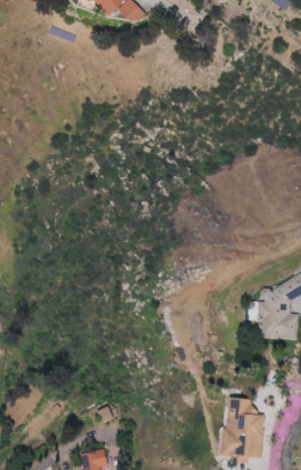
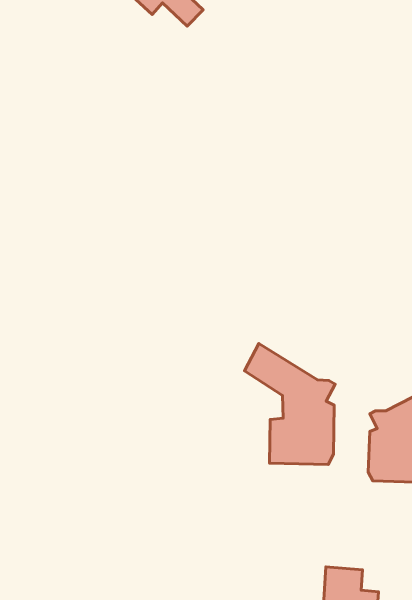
building: none -> [245,344,335,464]

